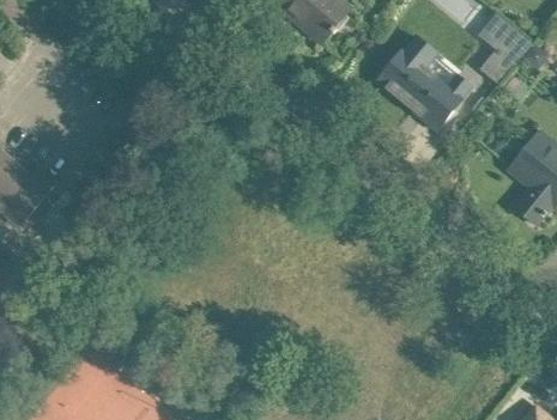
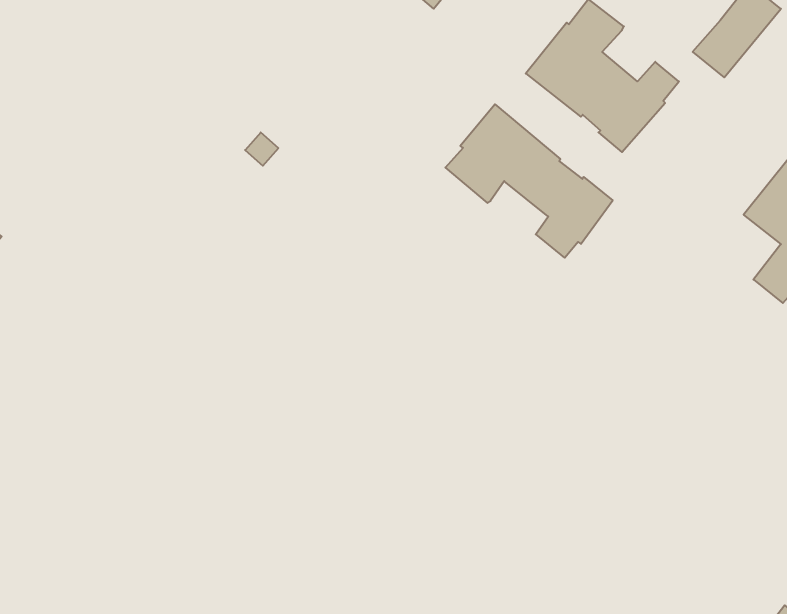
building: none -> [445,104,613,258]

